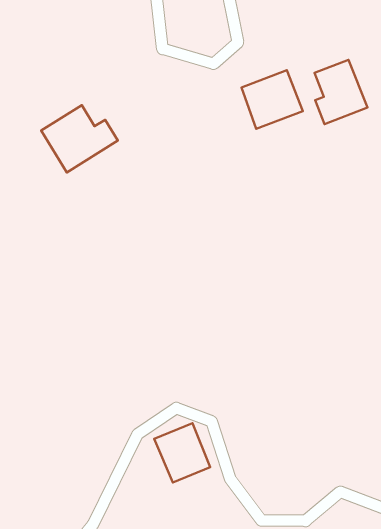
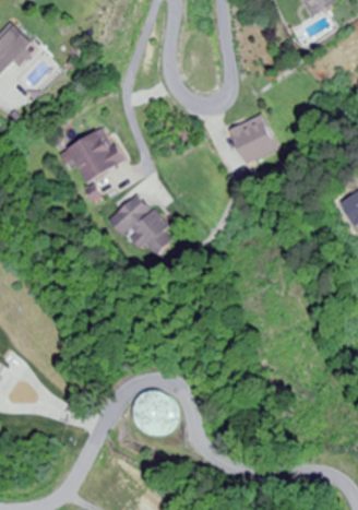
building: [314,60,367,124] -> none
building: none -> [106,193,171,251]

